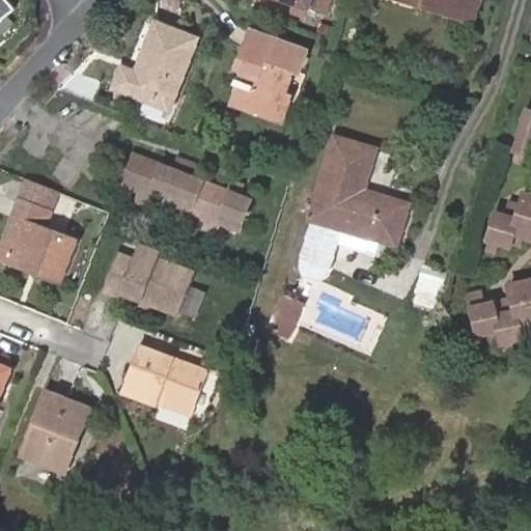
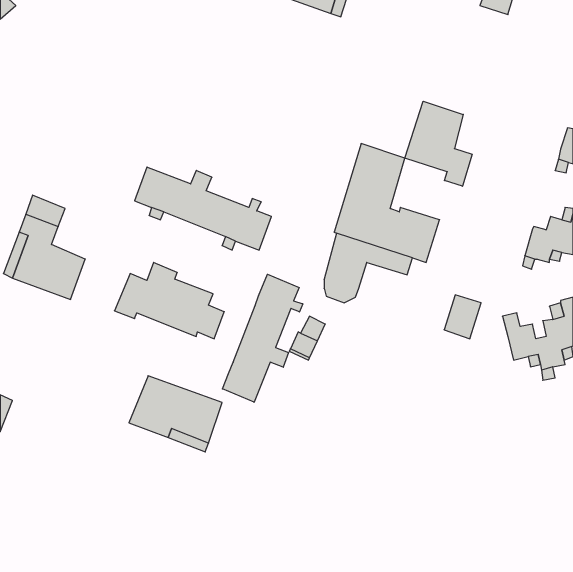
building: [115,23,197,108] -> none
building: [229,38,301,125] -> none
building: none -> [405,101,472,186]
building: none -> [222,274,303,402]
building: [25,393,92,473] -> none

